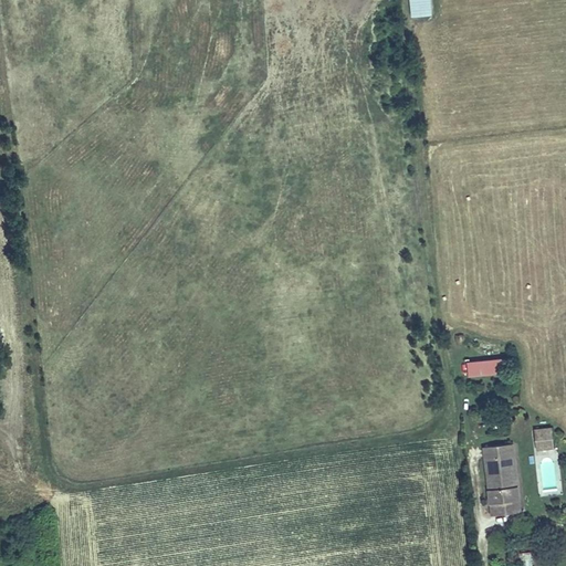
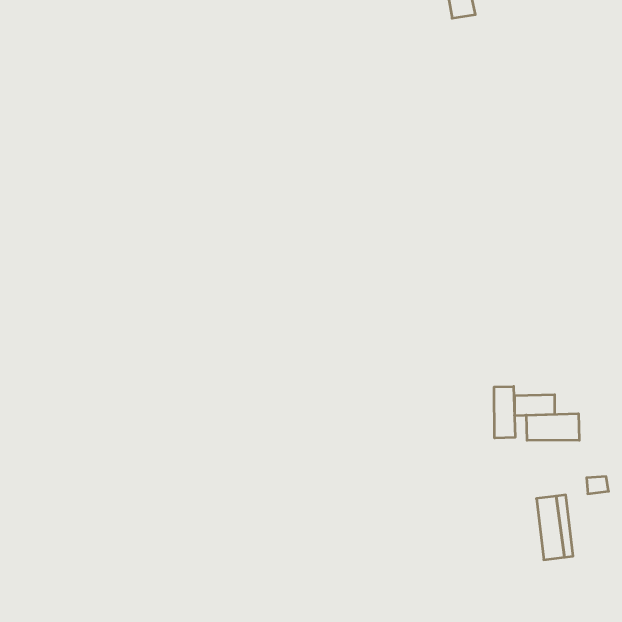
building: none -> [494,386,515,438]
building: none -> [526,414,579,440]

